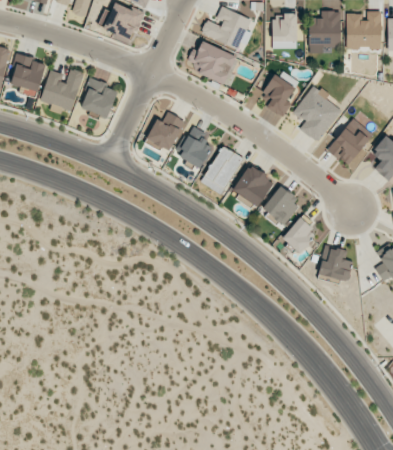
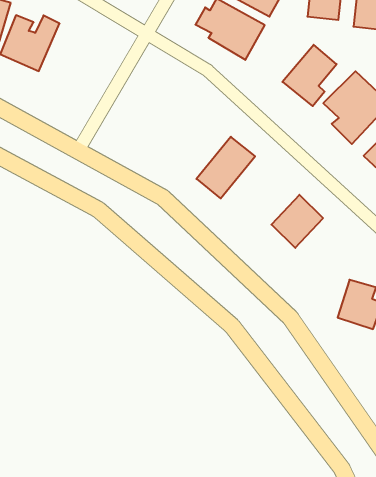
building: [82,78,117,117] -> none
building: [146,112,184,151] -> none
building: [179,127,211,167] -> none
building: [232,165,274,208] -> none
building: [282,217,319,253] -> none

